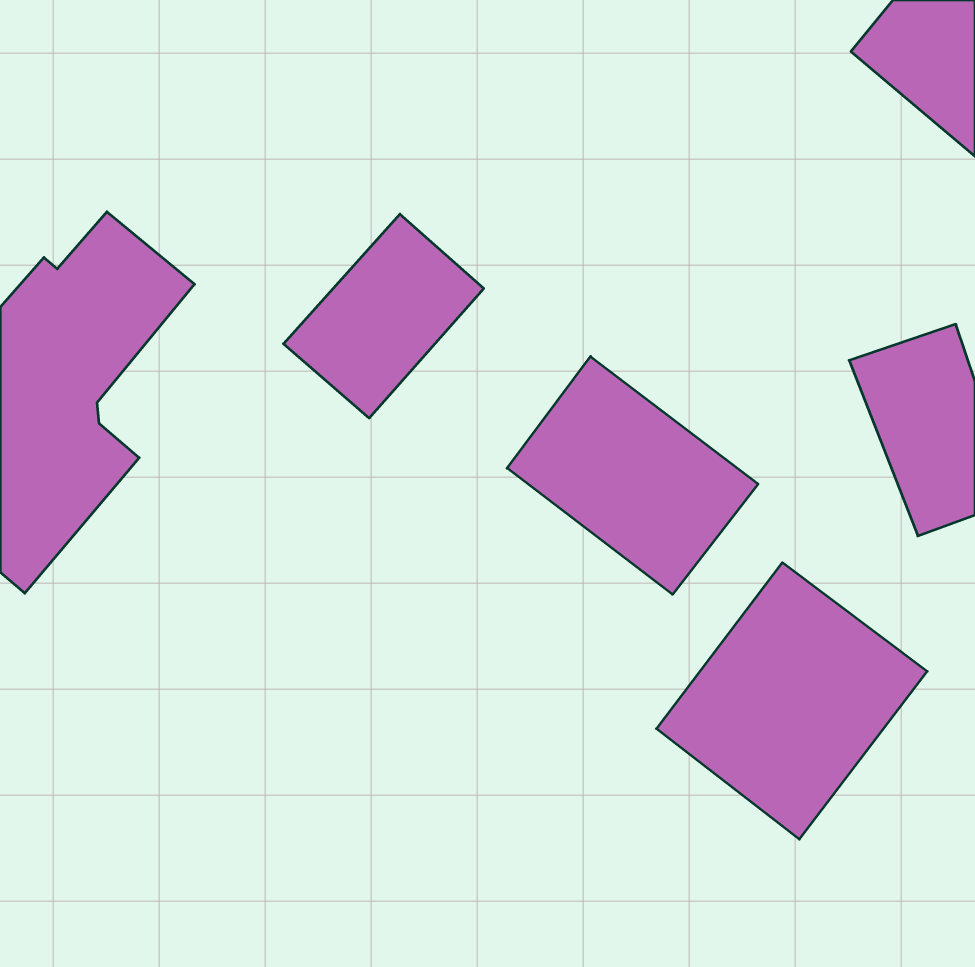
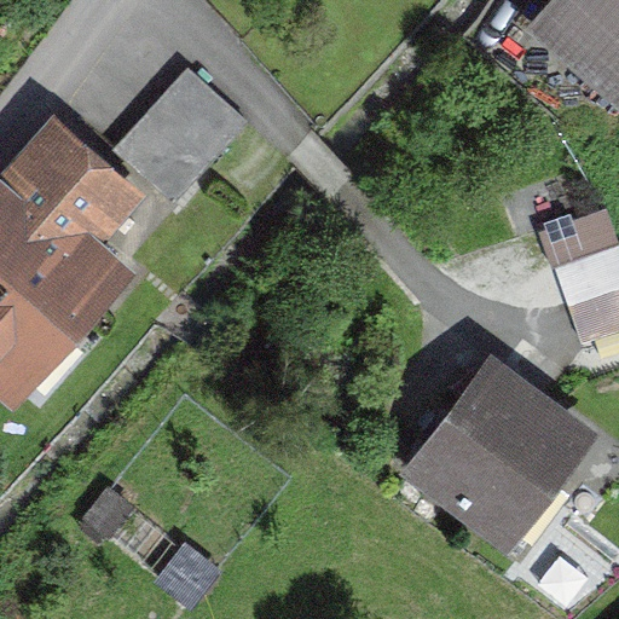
building: [283,214,484,418] -> [123,70,250,199]
building: [507,356,758,594] -> none

